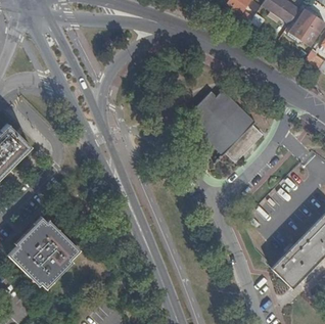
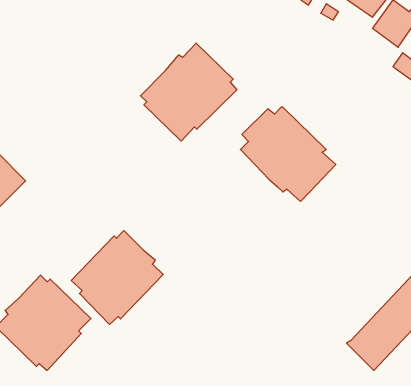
building: none -> [140,43,237,141]
building: none -> [71,231,163,324]

